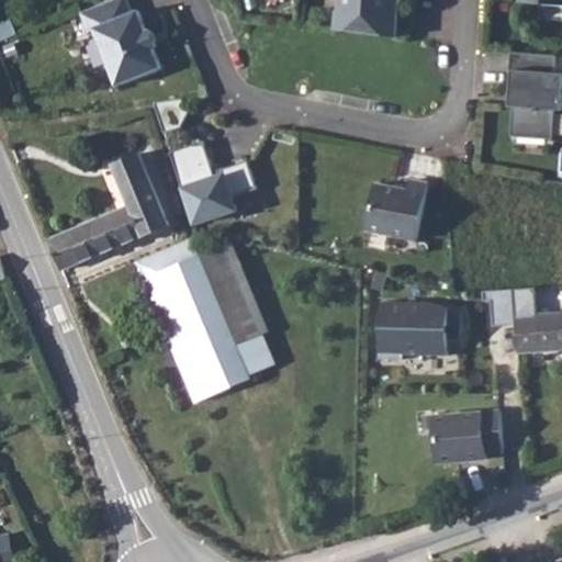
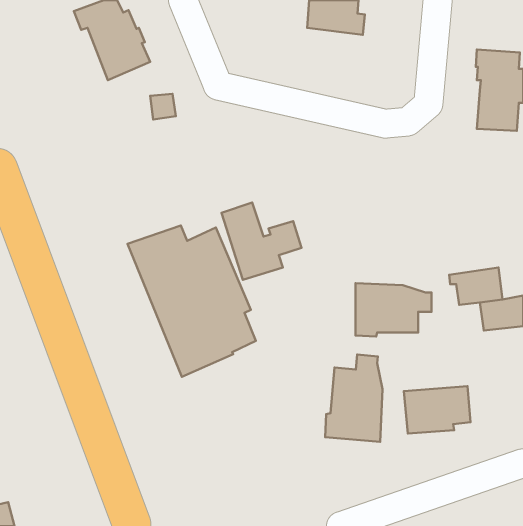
building: [170,142,256,224] -> [221,203,301,280]
building: [48,153,168,271] -> none
building: [364,180,426,239] -> none
building: none -> [325,355,383,442]

